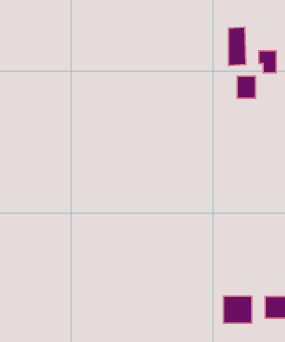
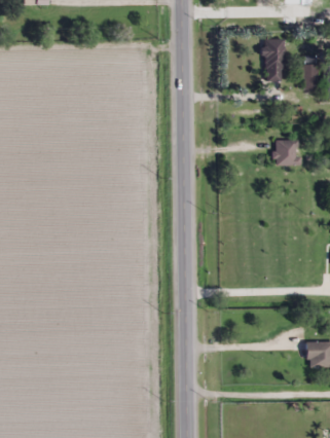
building: [237,76,256,98] -> [277,141,297,166]
building: [223,296,252,323] -> none

